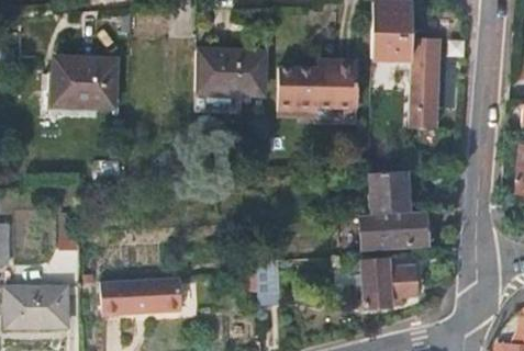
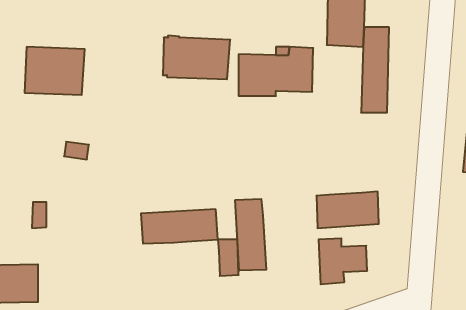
building: [369,170,409,215] -> none
building: none -> [235,199,266,271]
building: [100,279,181,315] -> [141,209,218,244]

